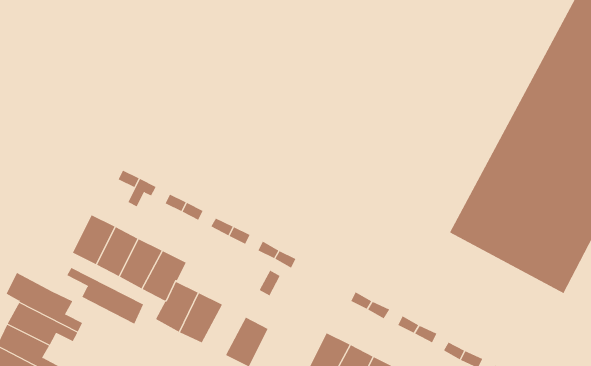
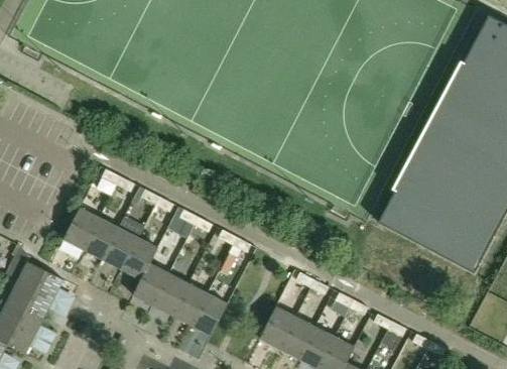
building: [67,267,144,324] -> none
building: none -> [171,282,208,325]

